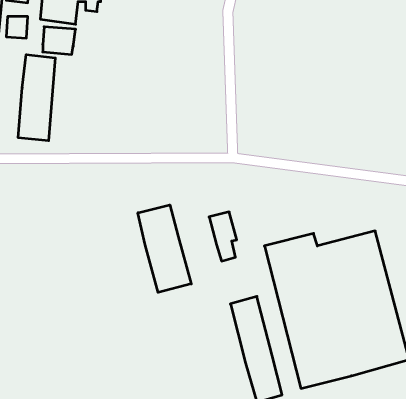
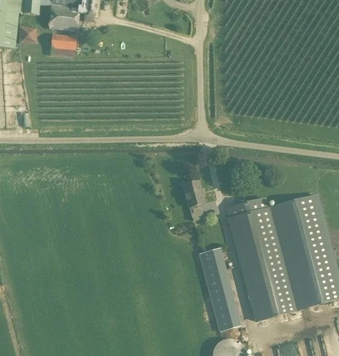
building: [18,55,55,141] -> none
building: [138,205,191,292] -> none

